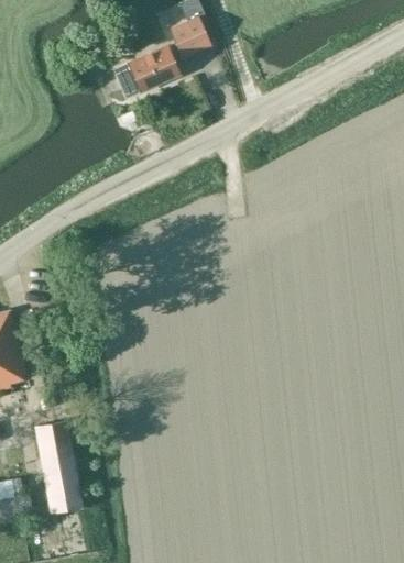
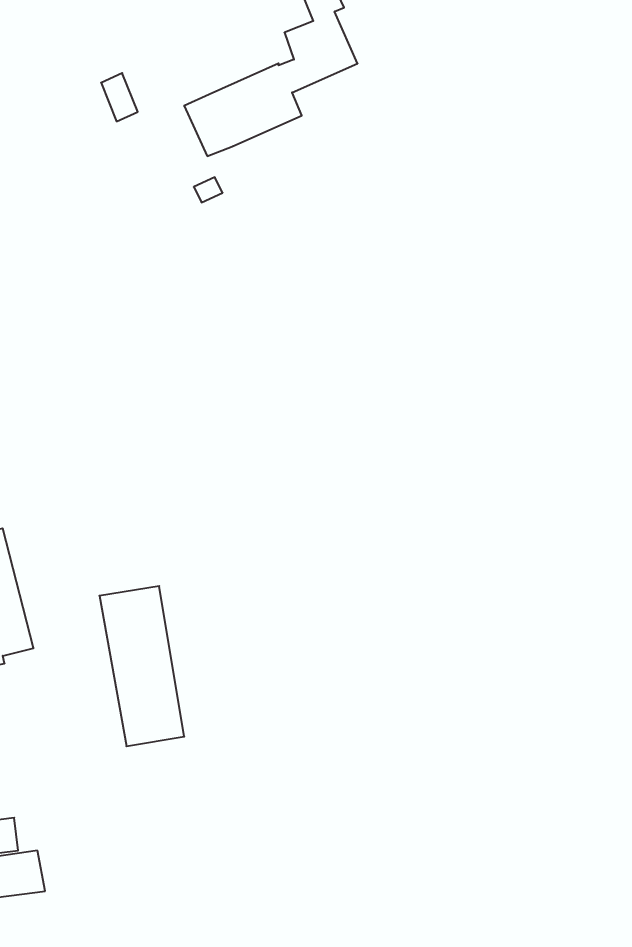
building: [34,421,83,512] -> [99,586,184,746]

